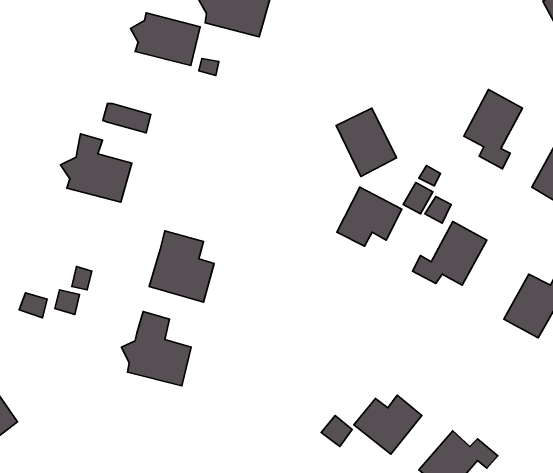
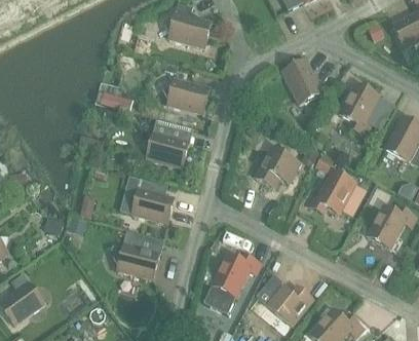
building: [131,13,200,66] -> [163,79,209,114]
building: [336,108,397,177] -> [282,60,322,105]
building: [61,134,132,202] -> [142,123,189,168]
building: none -> [204,254,260,312]

